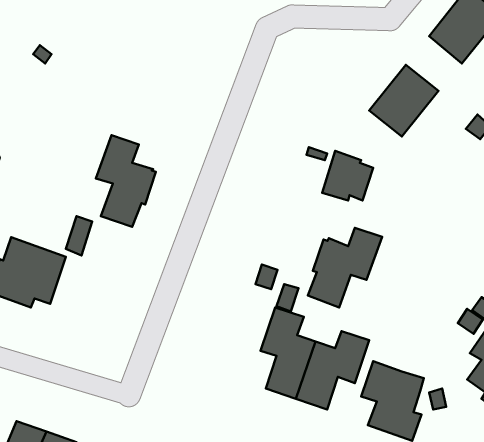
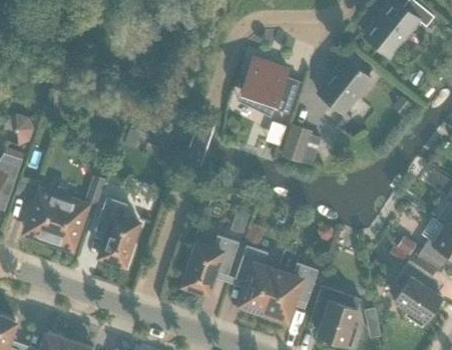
building: none -> [242,57,300,113]
building: [96,135,156,227] -> [95,197,141,267]
building: [308,228,382,307] -> [182,235,240,296]

